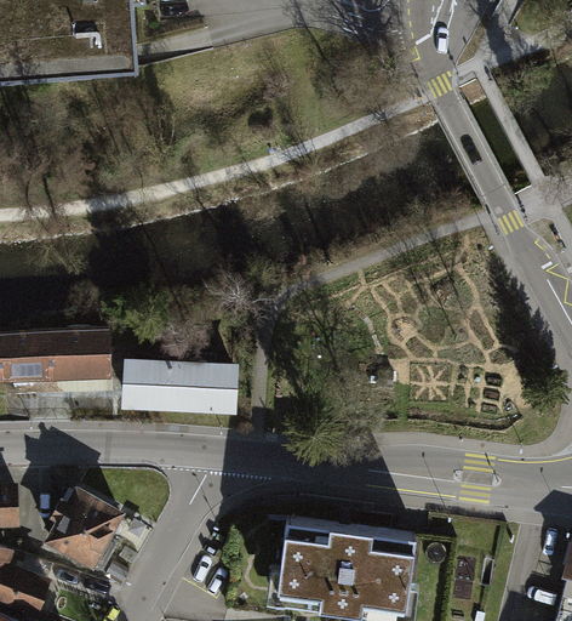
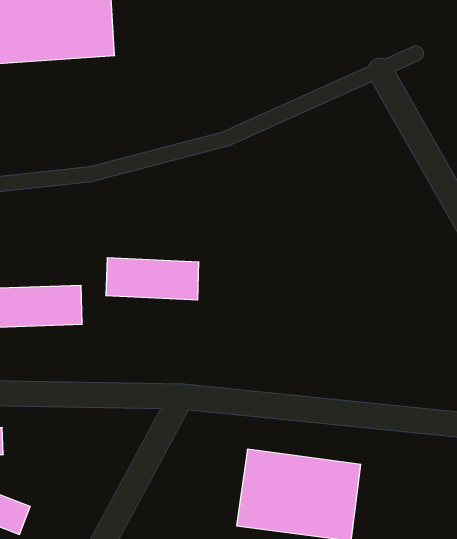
building: [127,364,231,411] -> [106,258,199,300]
building: [44,491,118,571] -> none

